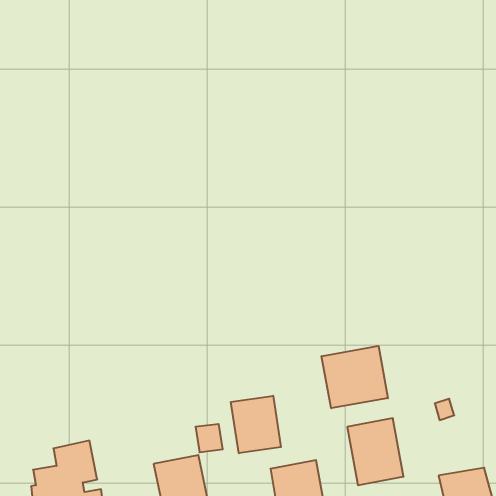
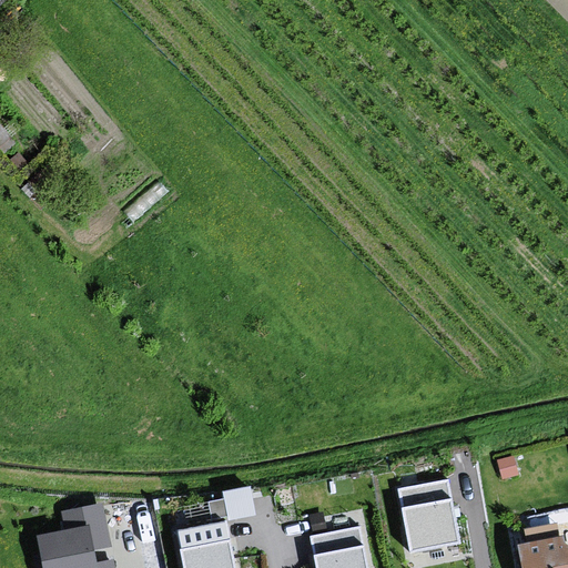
building: [322,346,388,408] -> none
building: [231,396,281,453] -> none

